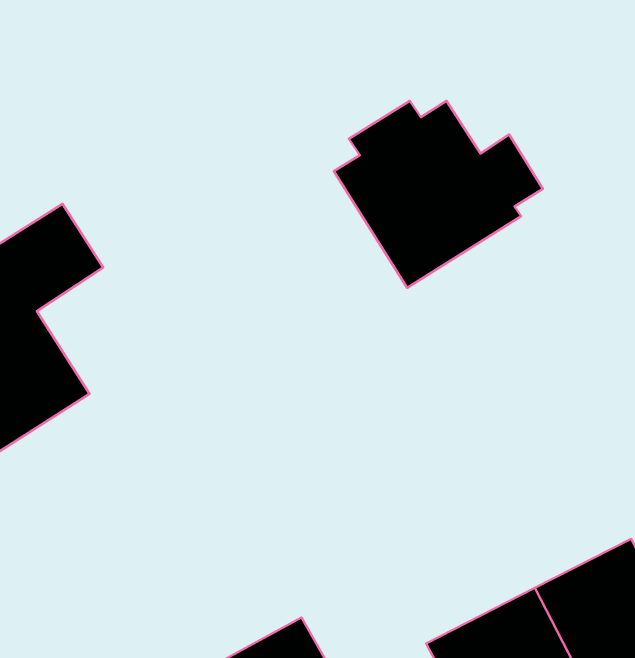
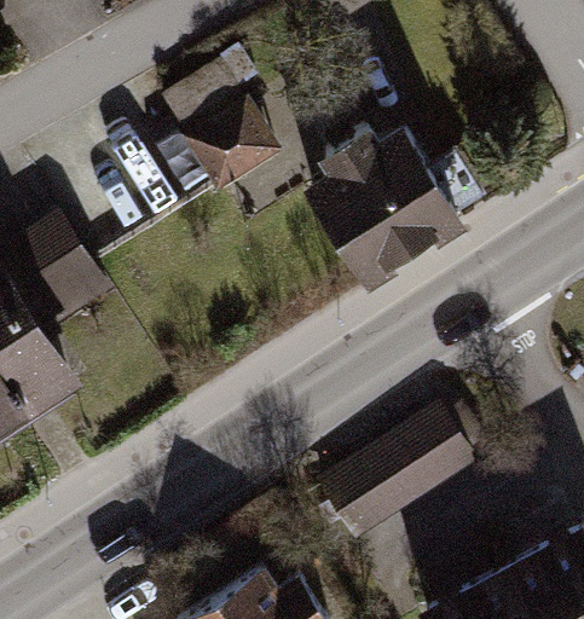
building: none -> [163,68,284,196]
building: none -> [320,418,478,554]

